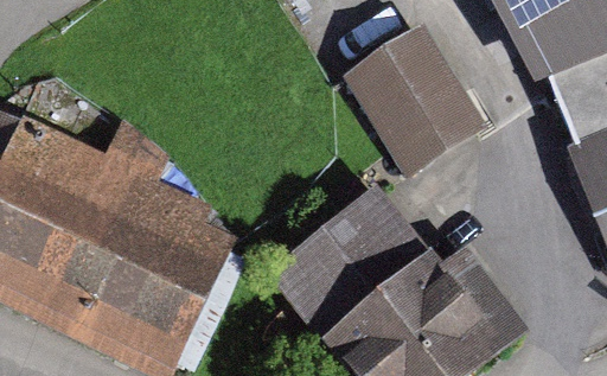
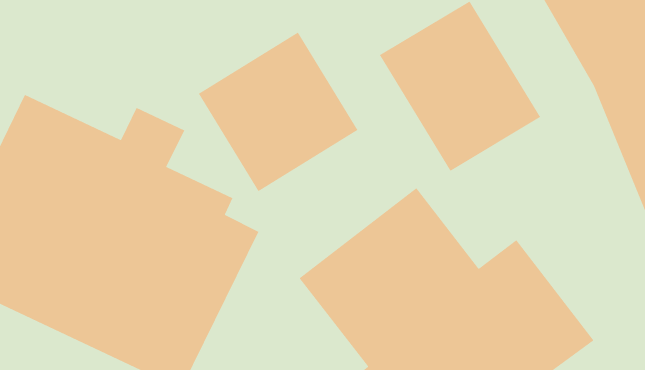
building: none -> [198,31,359,192]

